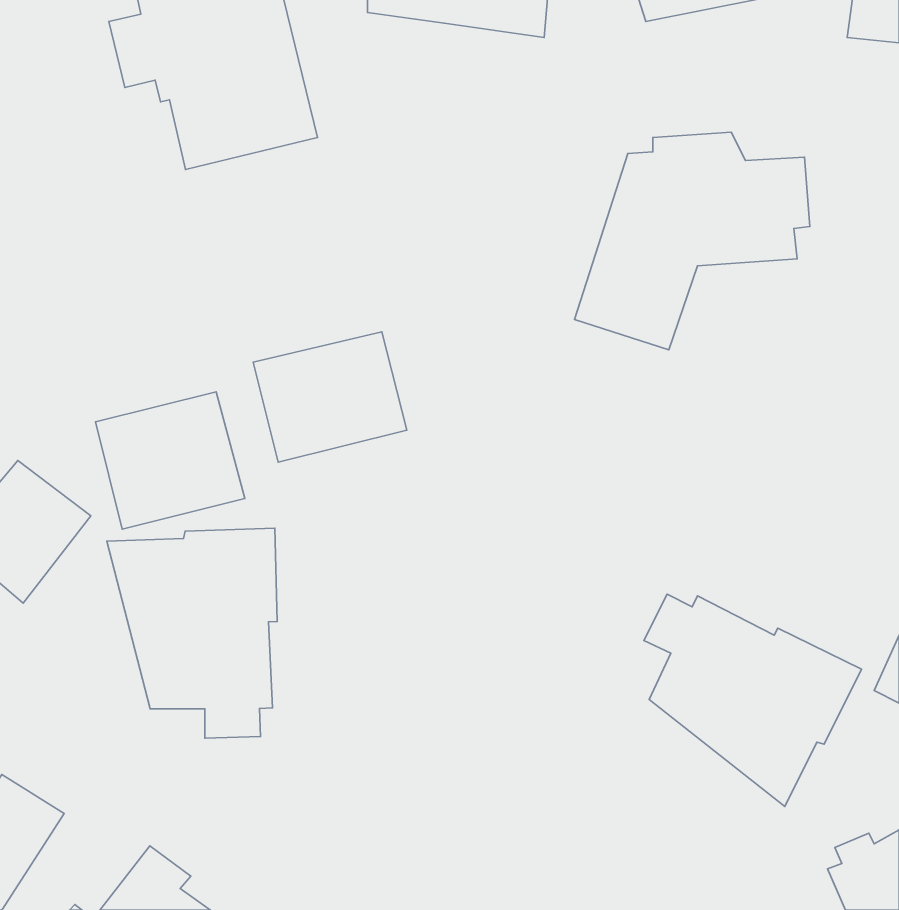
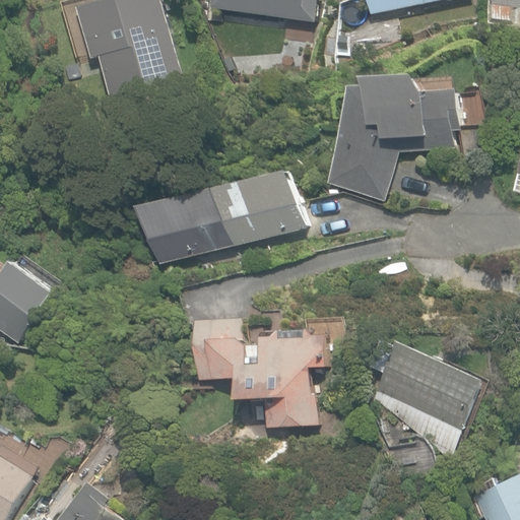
building: none -> [217,171,305,245]
building: [95,392,245,529] -> none
building: [107,528,277,738] -> none
building: none -> [193,317,325,427]

